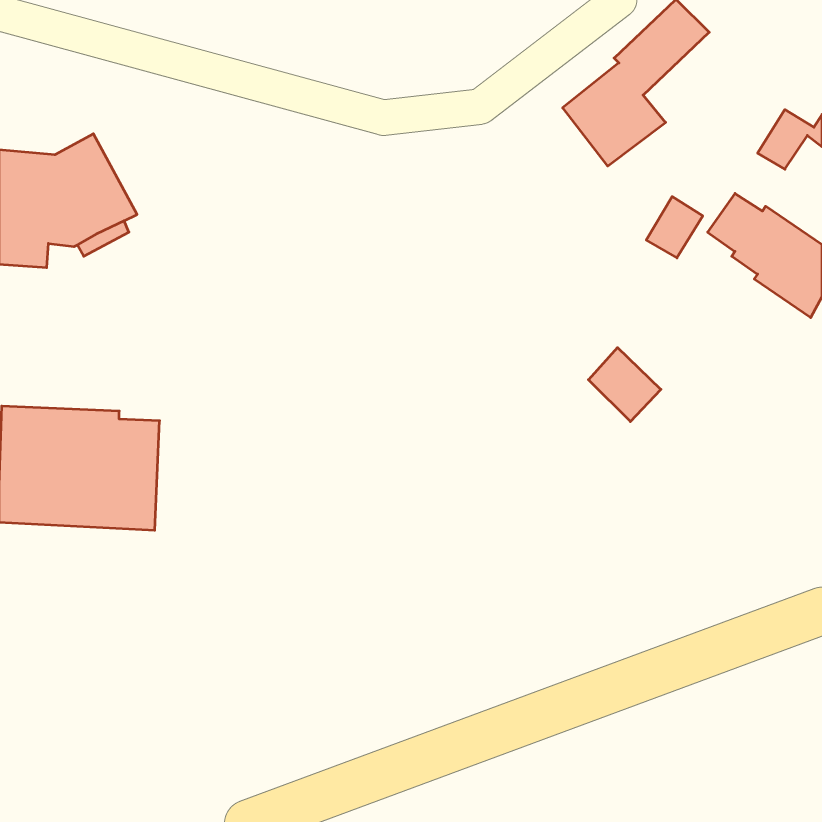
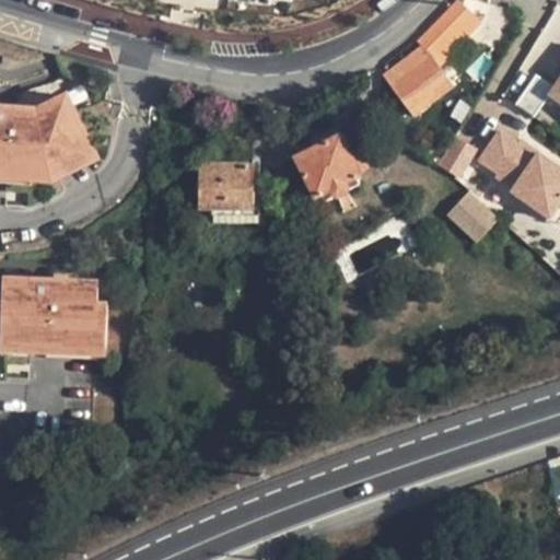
building: none -> [295,132,360,197]
building: none -> [195,162,253,221]
building: [588,348,661,422] -> [448,192,498,243]

